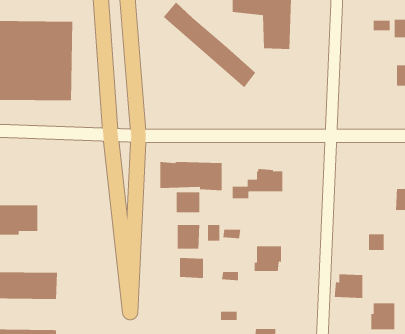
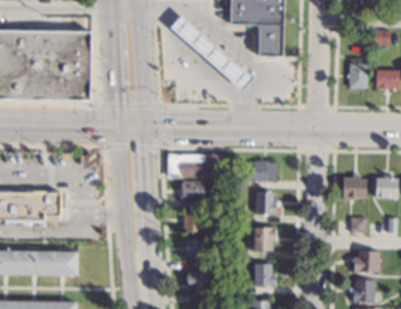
building: none -> [348,57,367,88]
building: none -> [343,175,366,199]
building: none -> [255,192,276,214]
building: [334,274,363,298] -> [353,249,378,271]
building: none -> [253,264,275,286]
building: none -> [187,271,208,289]

